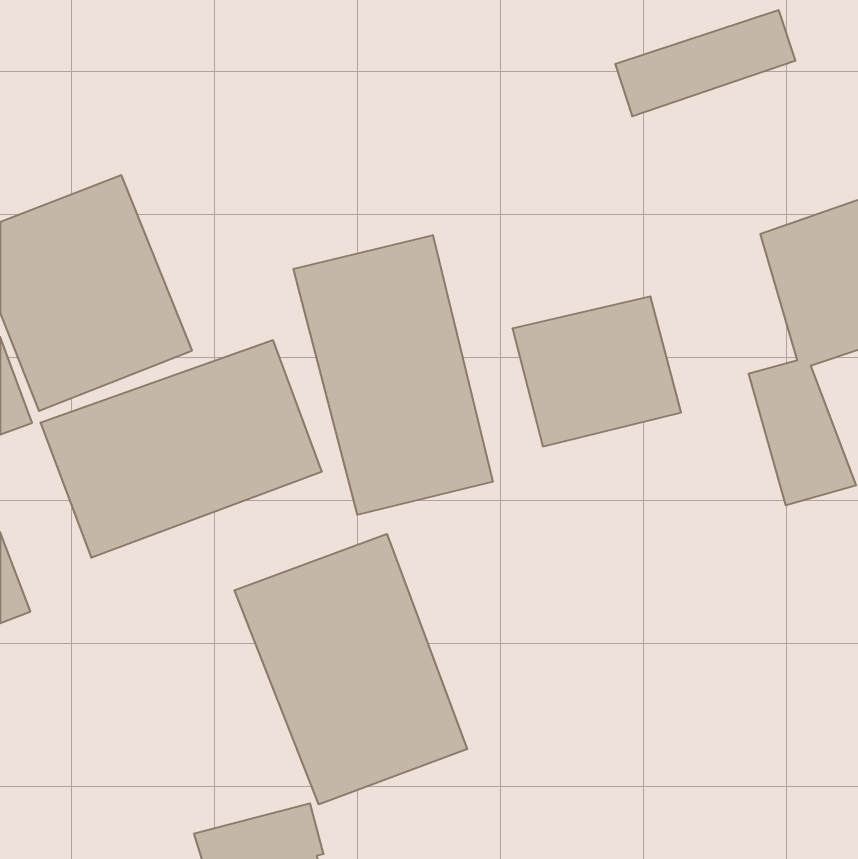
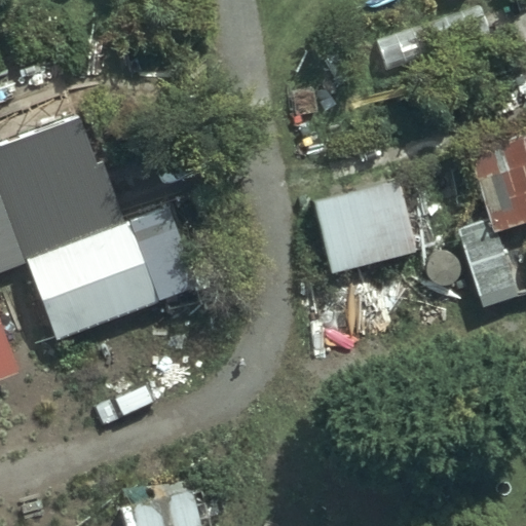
building: [294,235,493,515] -> none
building: [235,534,467,804] -> none

